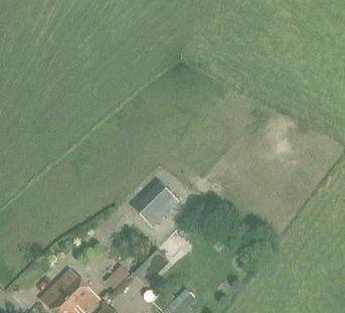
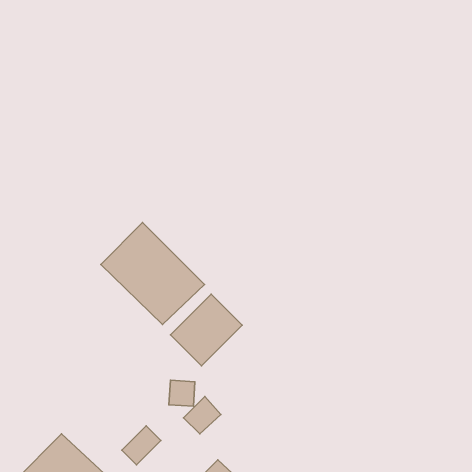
building: none -> [101,223,205,325]

